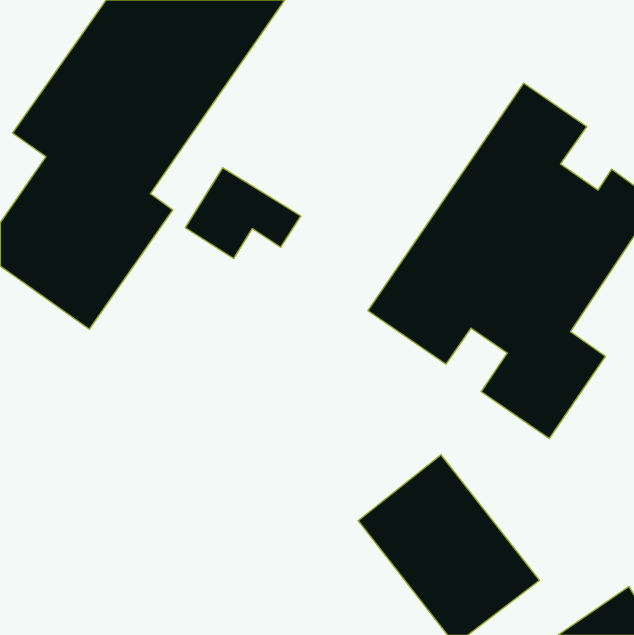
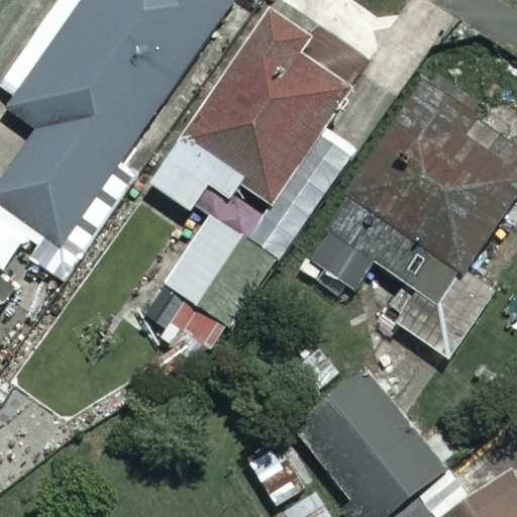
building: none -> [189,14,356,191]
building: none -> [140,213,242,358]

